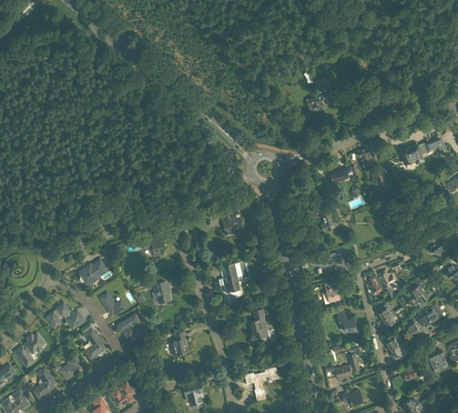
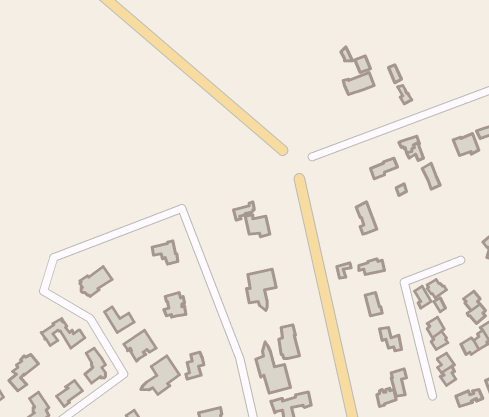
building: none -> [256,342,291,393]
building: none -> [141,356,180,394]

